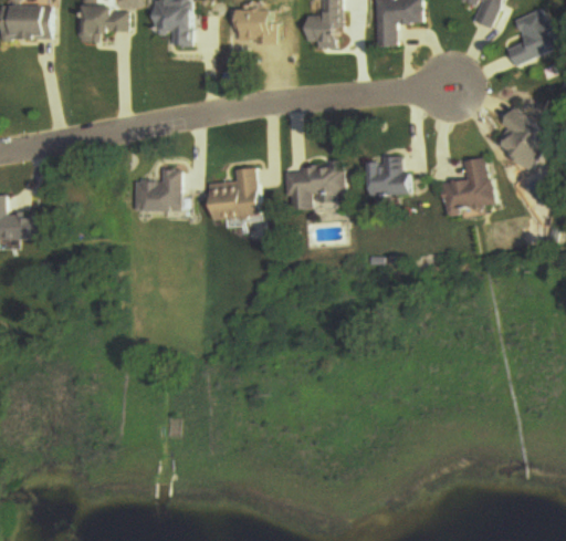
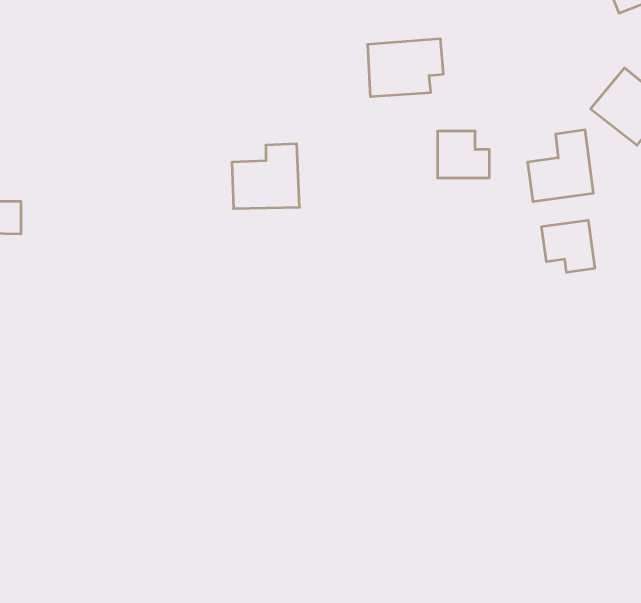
building: [285,164,345,209] -> [367,39,443,97]
building: [130,169,178,210] -> none
building: none -> [542,220,595,272]

